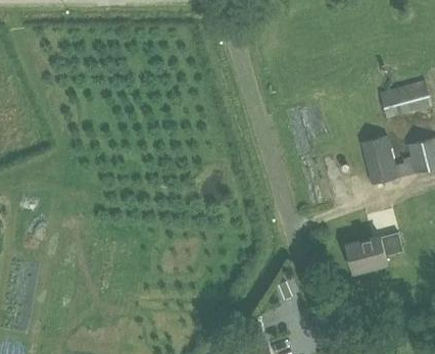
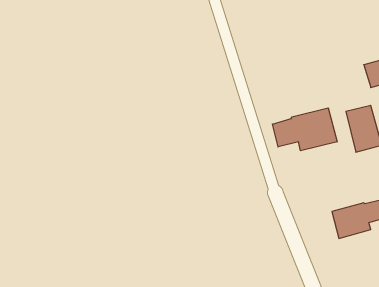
building: none -> [272,108,337,151]

